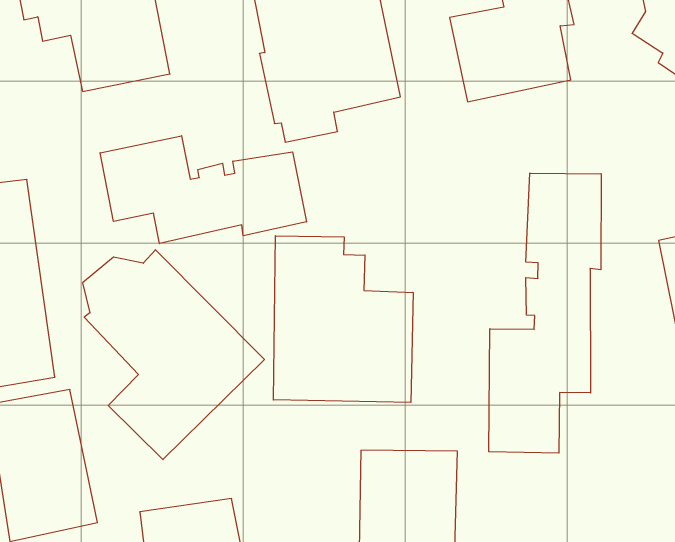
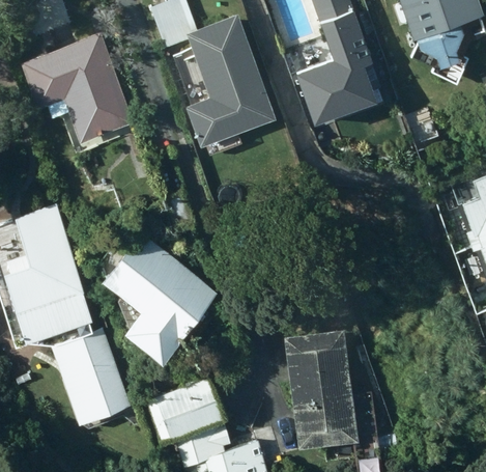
building: [100,136,306,244] -> none
building: [489,173,601,453] -> none
building: [273,236,413,402] -> none

